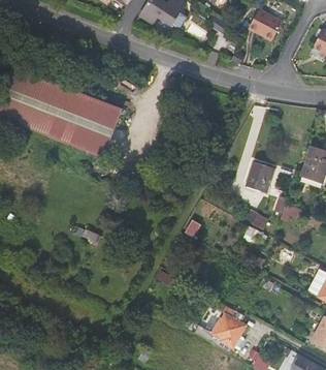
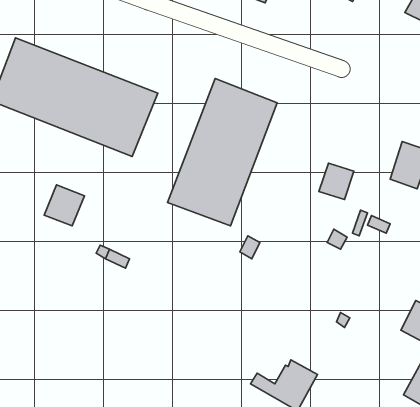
building: none -> [167,79,277,226]
building: none -> [44,185,84,226]

